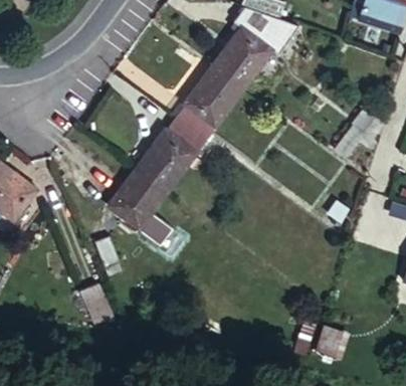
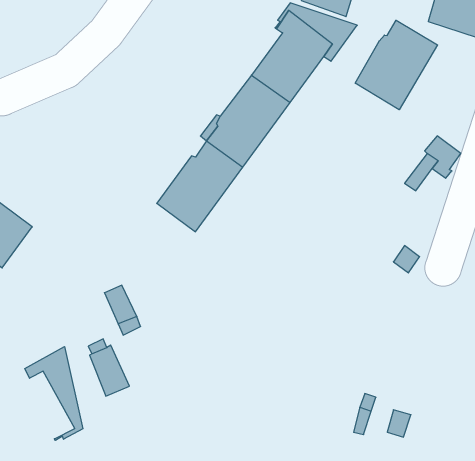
building: none -> [355,20,438,110]
building: [108,170,167,230] -> none
building: none -> [25,347,83,440]

